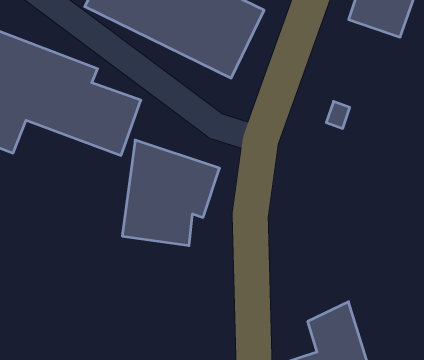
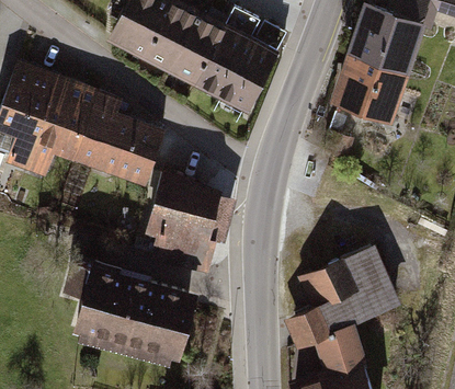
building: none -> [340,58,403,119]
building: none -> [283,243,401,350]
building: none -> [72,264,192,362]

